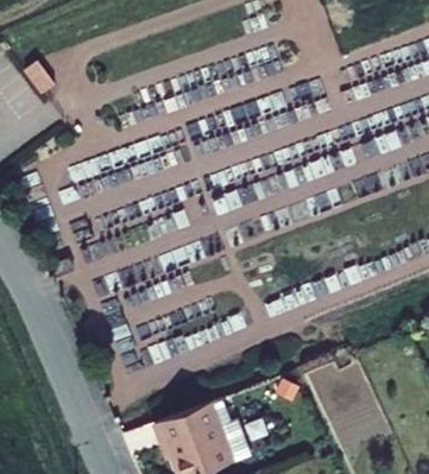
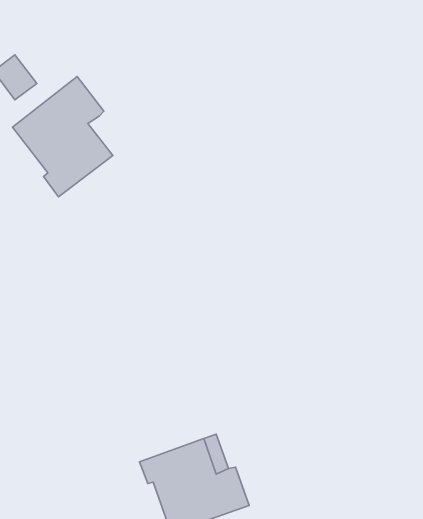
building: none -> [12,77,113,197]

